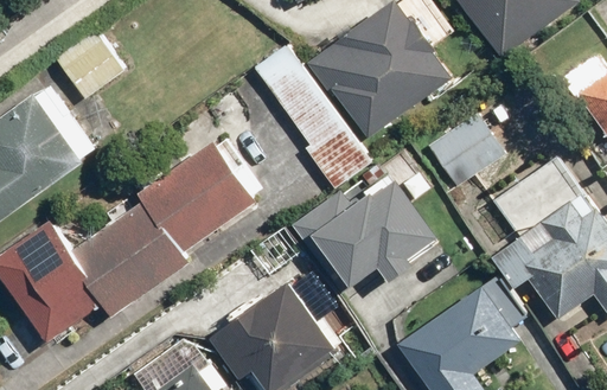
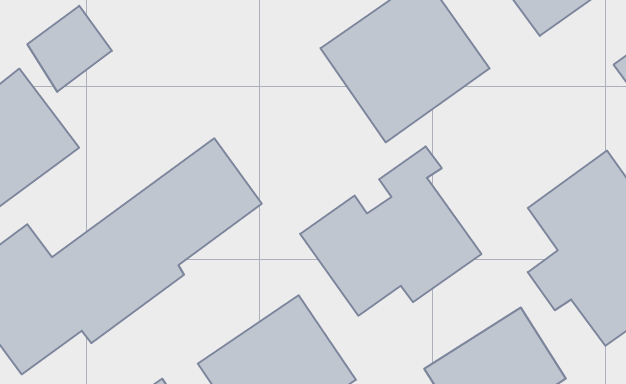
building: [262,53,369,191] -> none
building: [424,111,504,187] -> none

